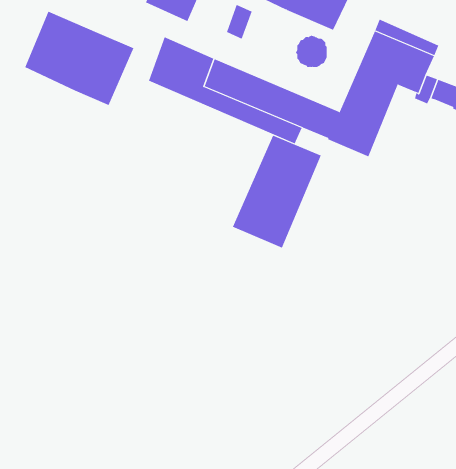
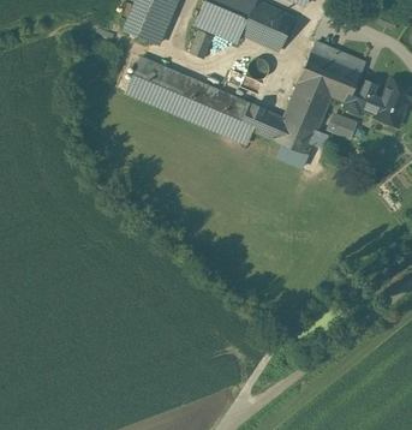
building: [24,11,134,106] -> none
building: none -> [330,112,364,141]
building: [232,135,322,249] -> none

